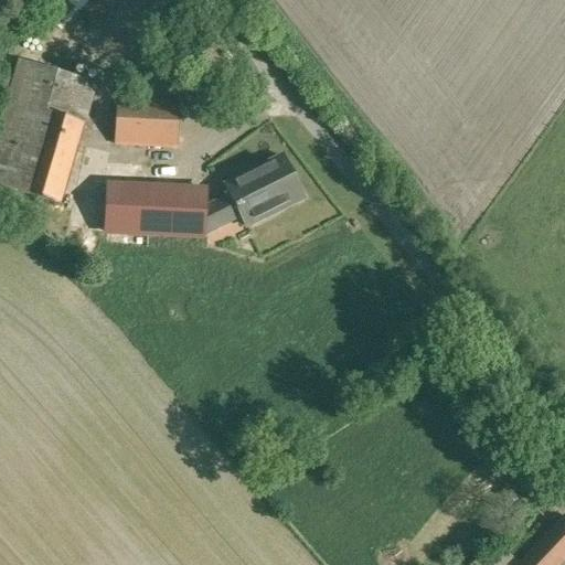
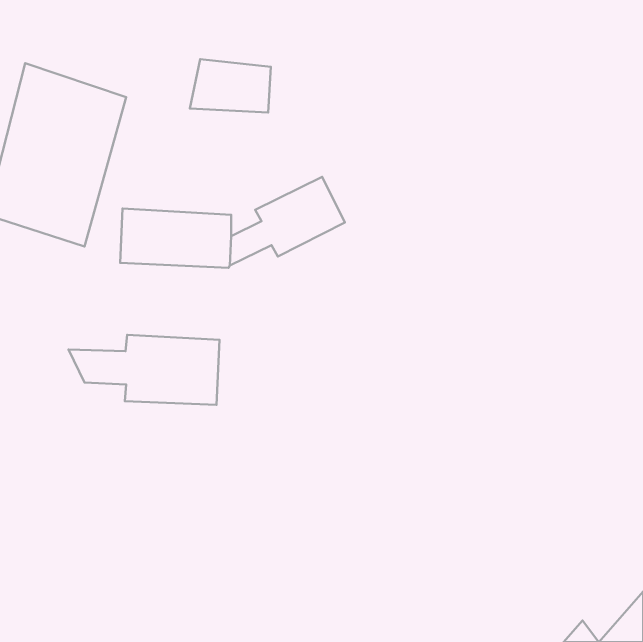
building: [114,98,184,145] -> [190,59,271,112]
building: none -> [69,335,219,405]

